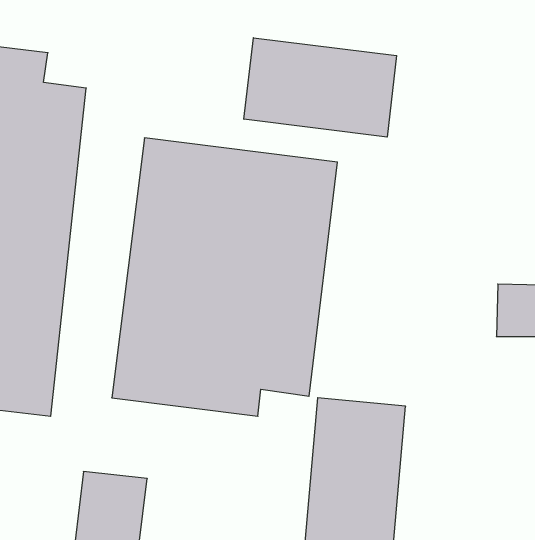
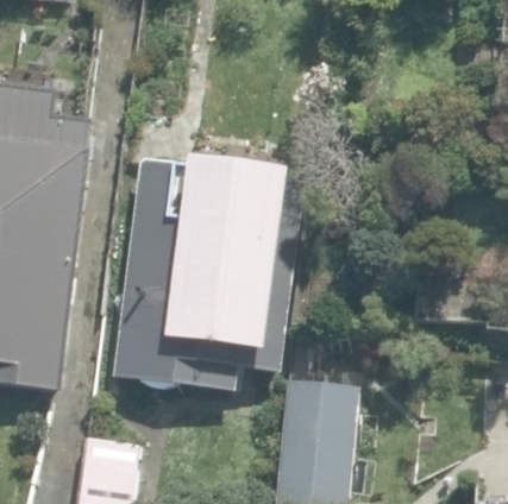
building: [244,38,397,137] -> none

